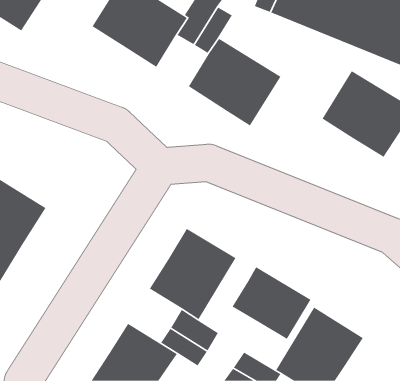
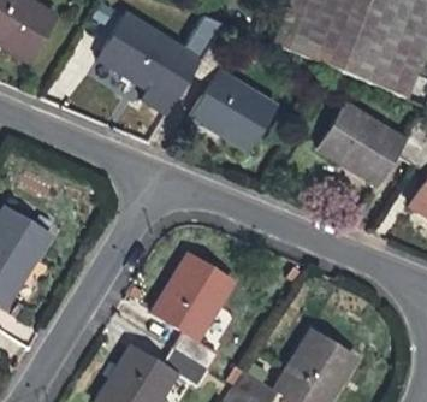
building: [231,266,312,340] -> none

